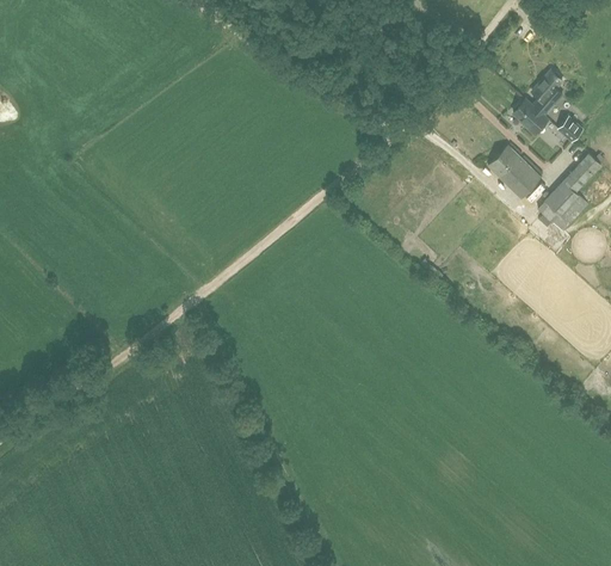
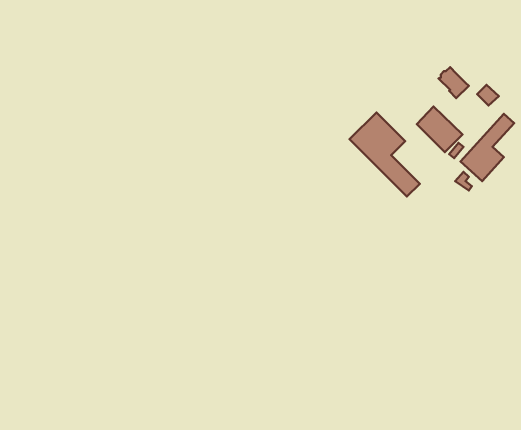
building: [532,72,563,117] -> none
building: none -> [350,113,420,197]

